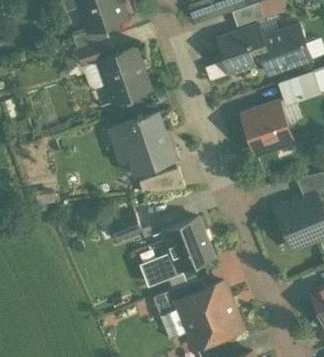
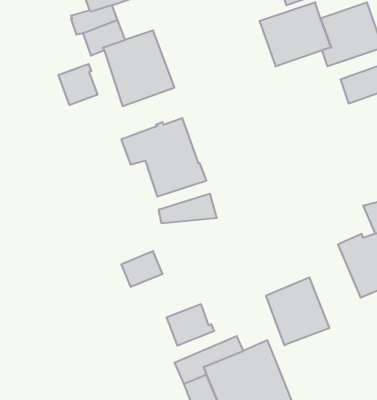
building: none -> [58,64,97,105]
building: [243,103,293,154] -> none
building: [165,219,213,270] -> [266,277,329,345]

